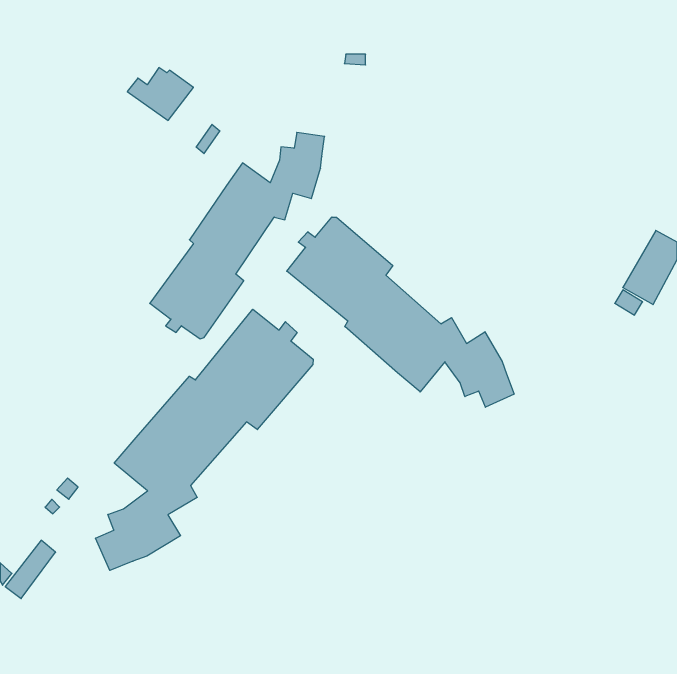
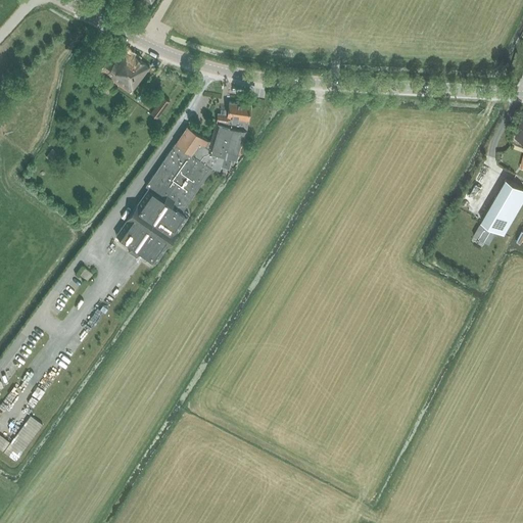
building: [287,217,514,407] -> none
building: [96,309,313,570] -> none

